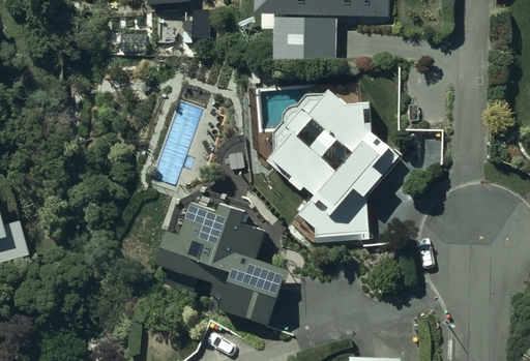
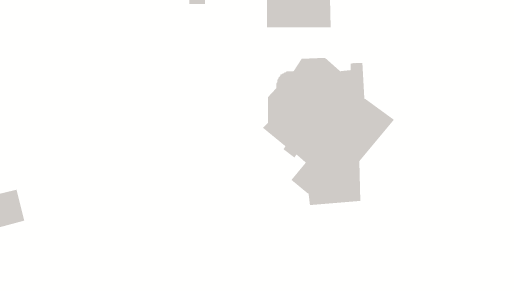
building: [154,201,288,321] -> none

